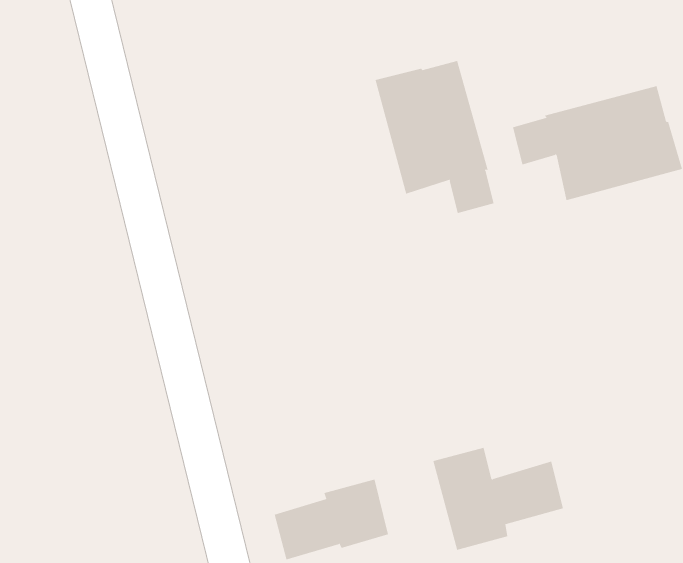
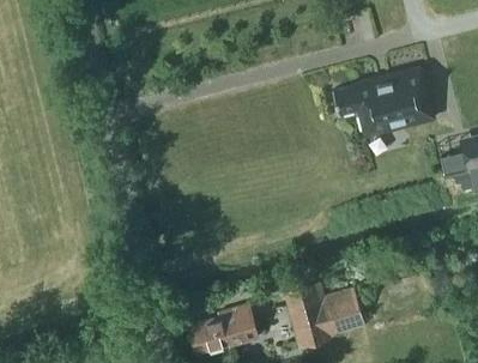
building: [375,60,494,214] -> none

